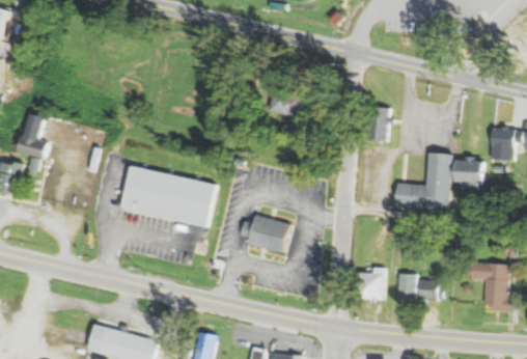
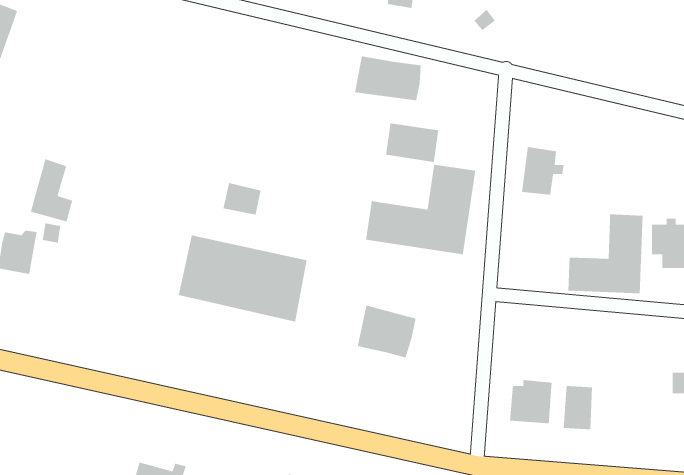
building: none -> [354,56,422,101]
building: none -> [365,164,476,255]
building: none -> [223,182,262,216]
building: [416,278,441,300] -> none

